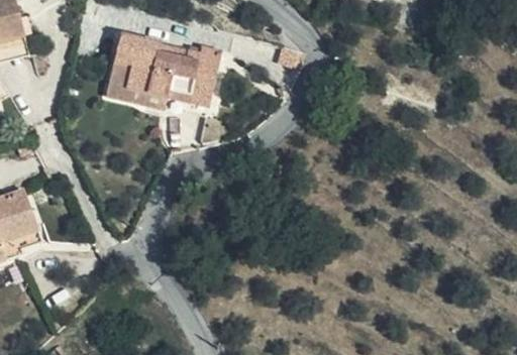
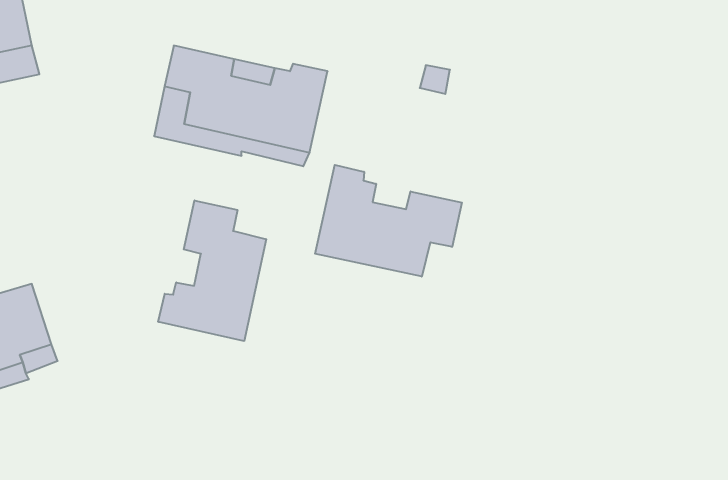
building: none -> [315,165,462,277]
building: none -> [158,200,266,341]

